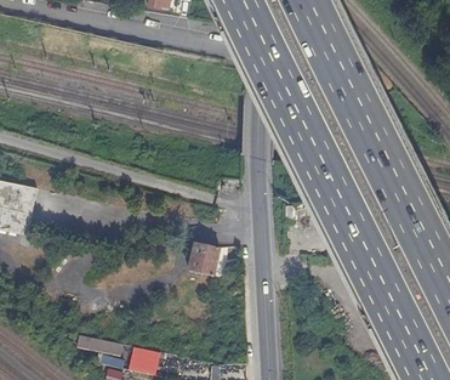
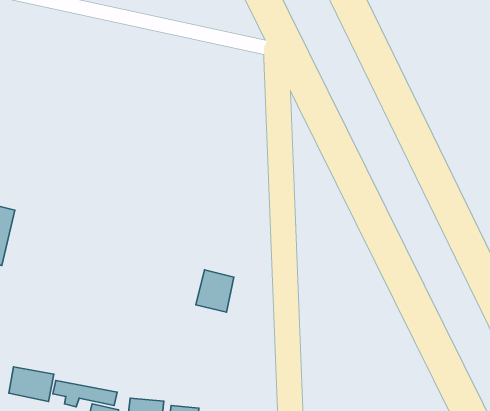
building: none -> [9,367,54,401]

